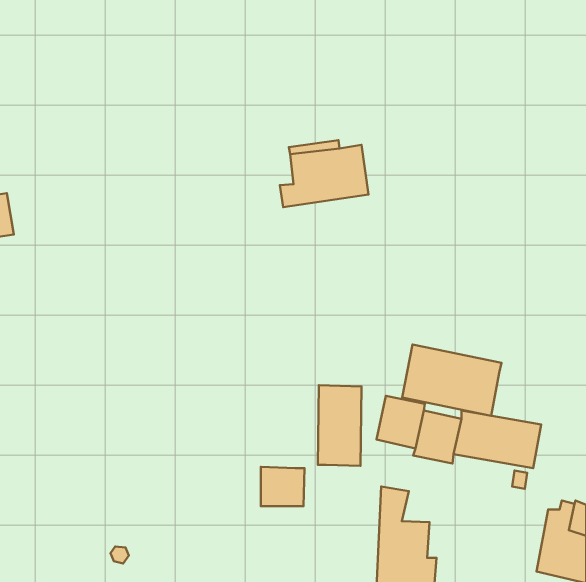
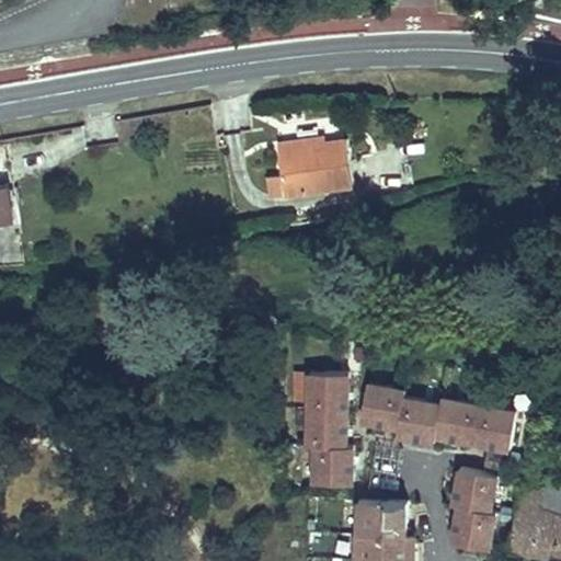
building: [402,345,501,416] -> none
building: [261,467,305,506] -> [310,448,352,485]
building: none -> [448,484,522,550]

